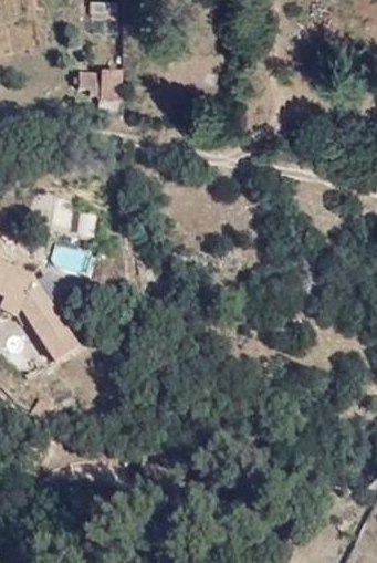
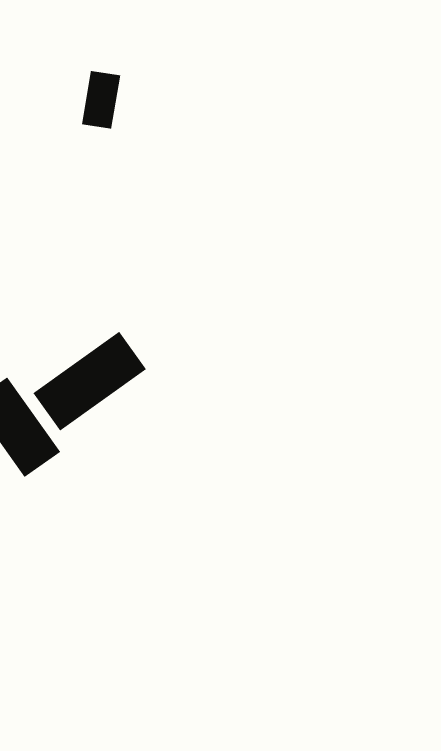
building: none -> [32,331,147,431]

